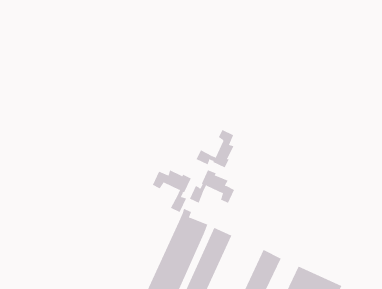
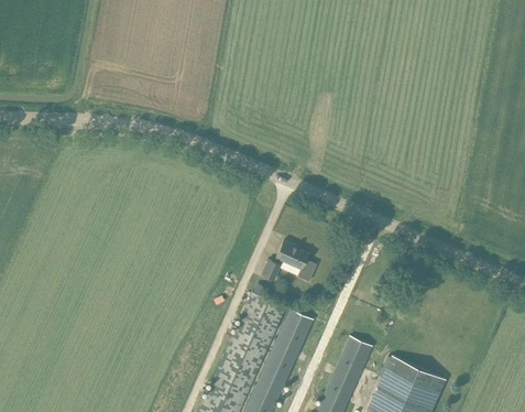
building: [196,129,234,168] -> none
building: [152,169,191,213] -> none

